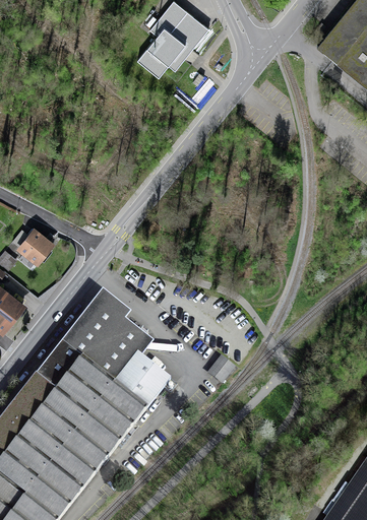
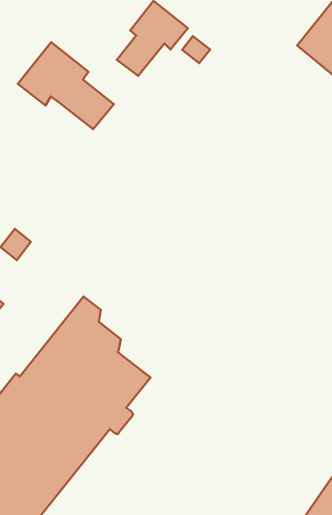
building: none -> [182,36,210,63]
building: none -> [18,42,114,129]

